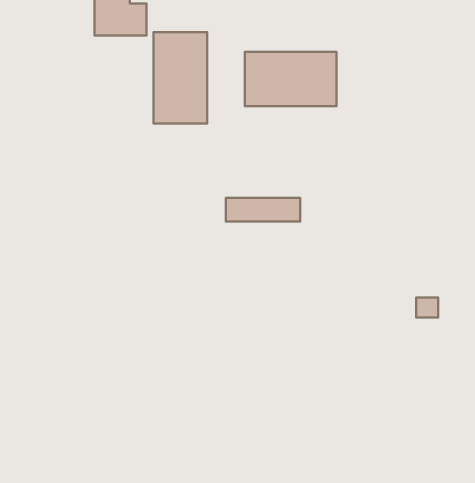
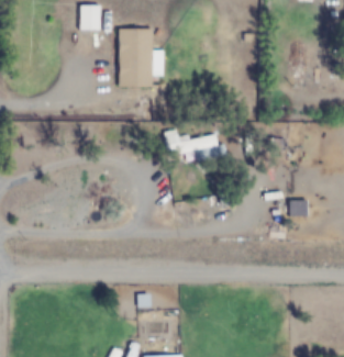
building: [245,52,336,106] -> none

